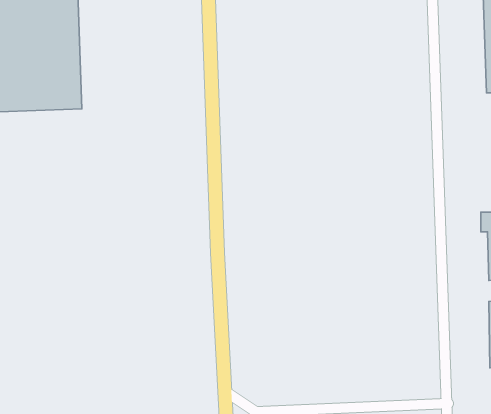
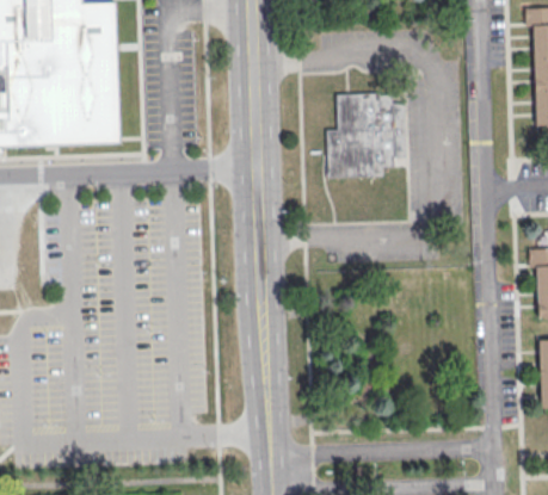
building: none -> [327,93,405,178]

